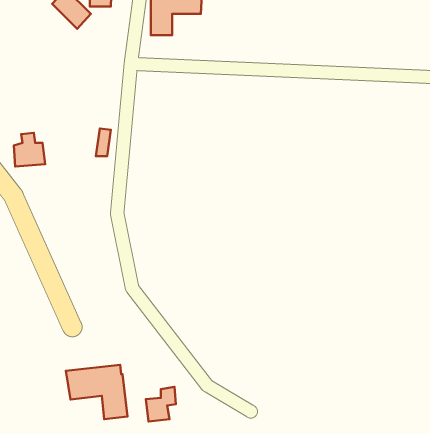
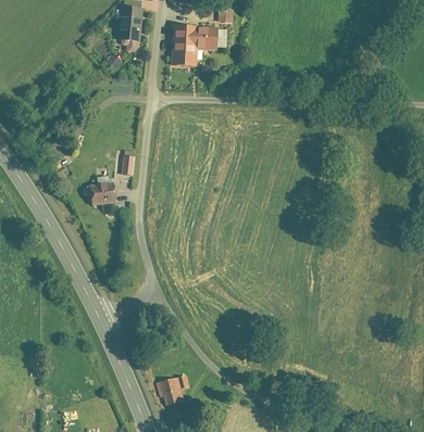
building: [14,133,45,167] -> [91,174,119,203]
building: [66,365,127,419] -> none

